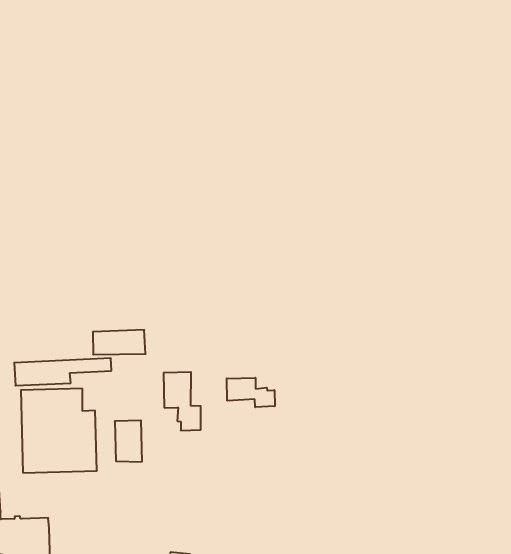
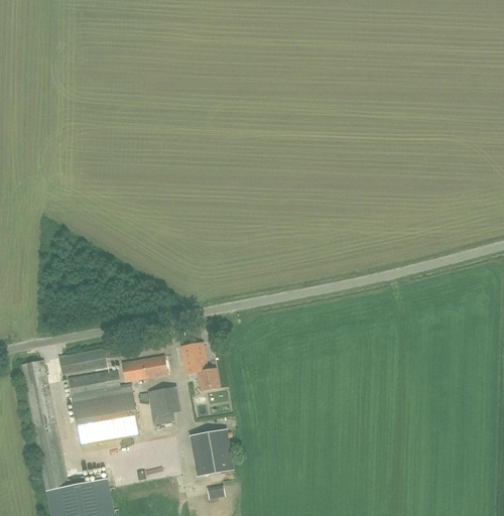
building: [93,330,146,354] -> [123,356,168,382]
building: [227,378,275,407] -> none
building: none -> [191,430,234,476]

